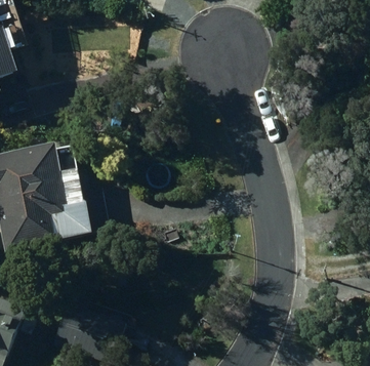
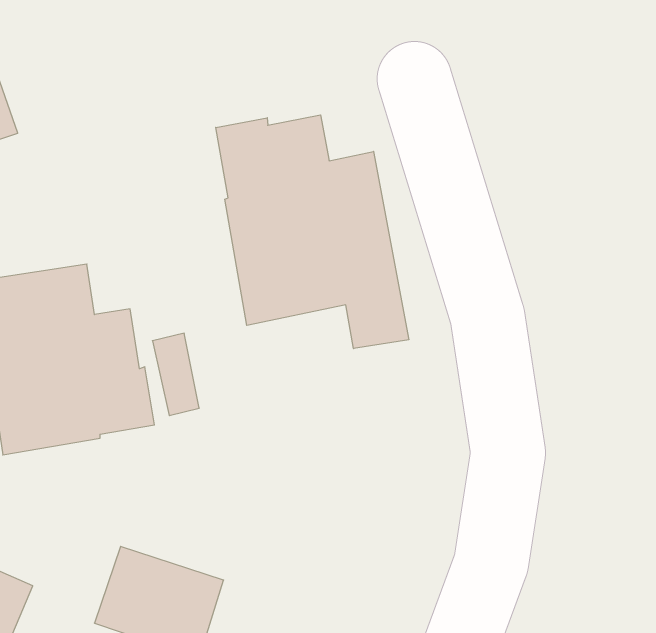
building: none -> [216,115,409,349]

